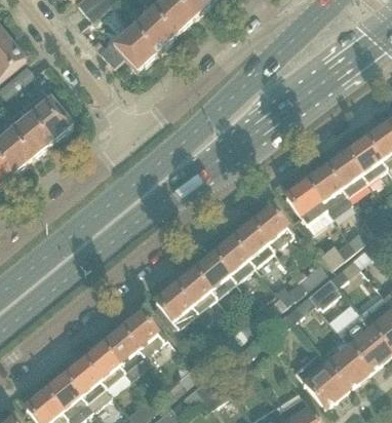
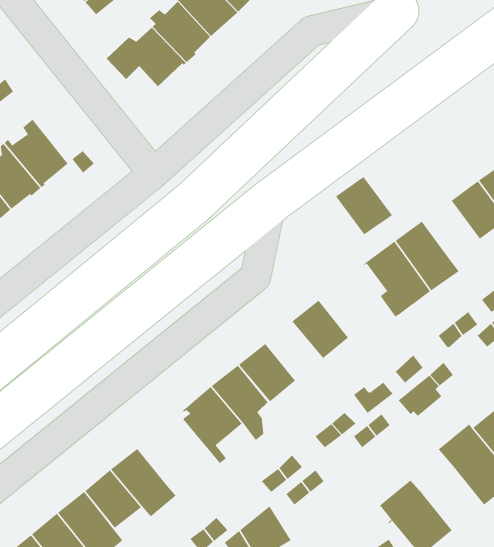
building: [325,153,366,195] -> [335,176,393,235]
building: [251,206,295,251] -> none
building: [213,239,254,281] -> none
building: [122,311,164,356] -> none
building: [326,344,369,388] -> none

